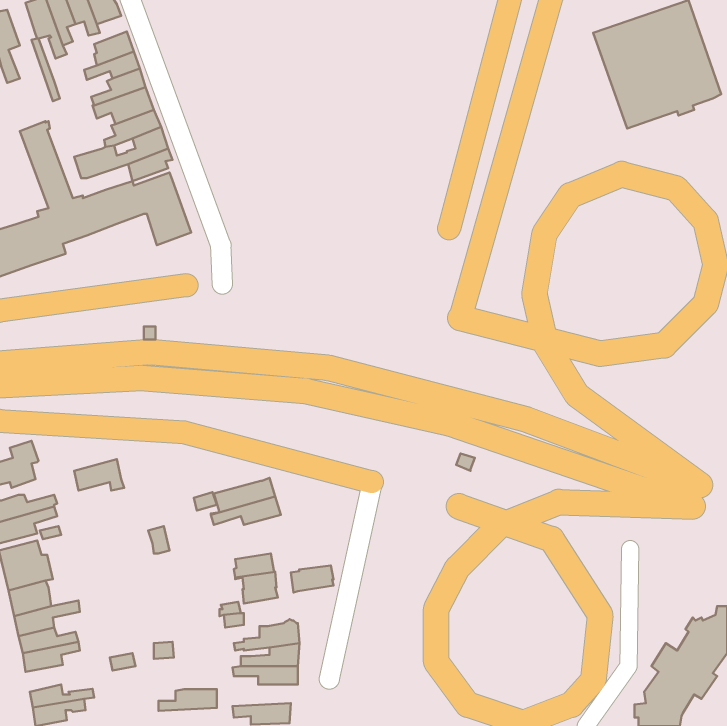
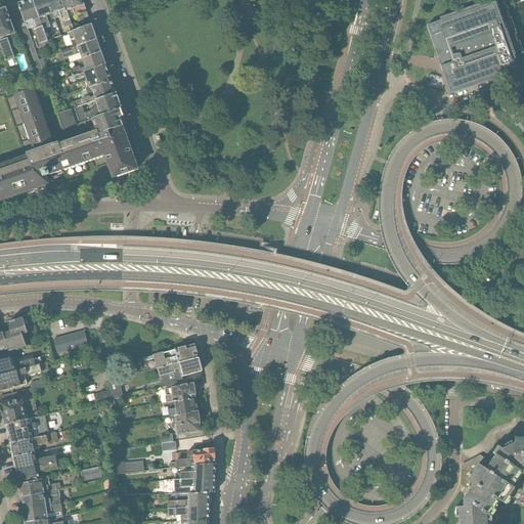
building: [291,565,334,592] -> [164,383,194,402]
building: none -> [18,476,60,496]
building: [159,689,217,711] -> [167,491,209,507]

